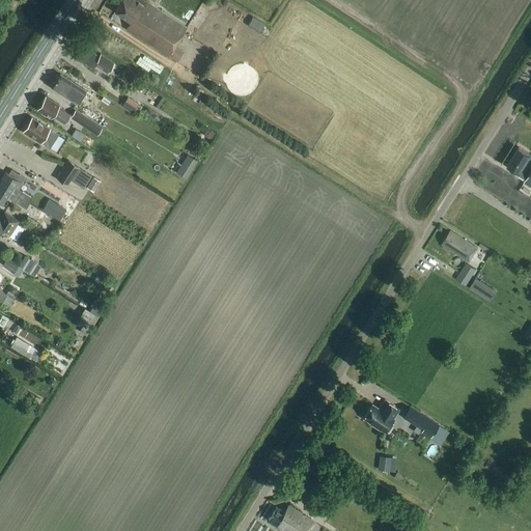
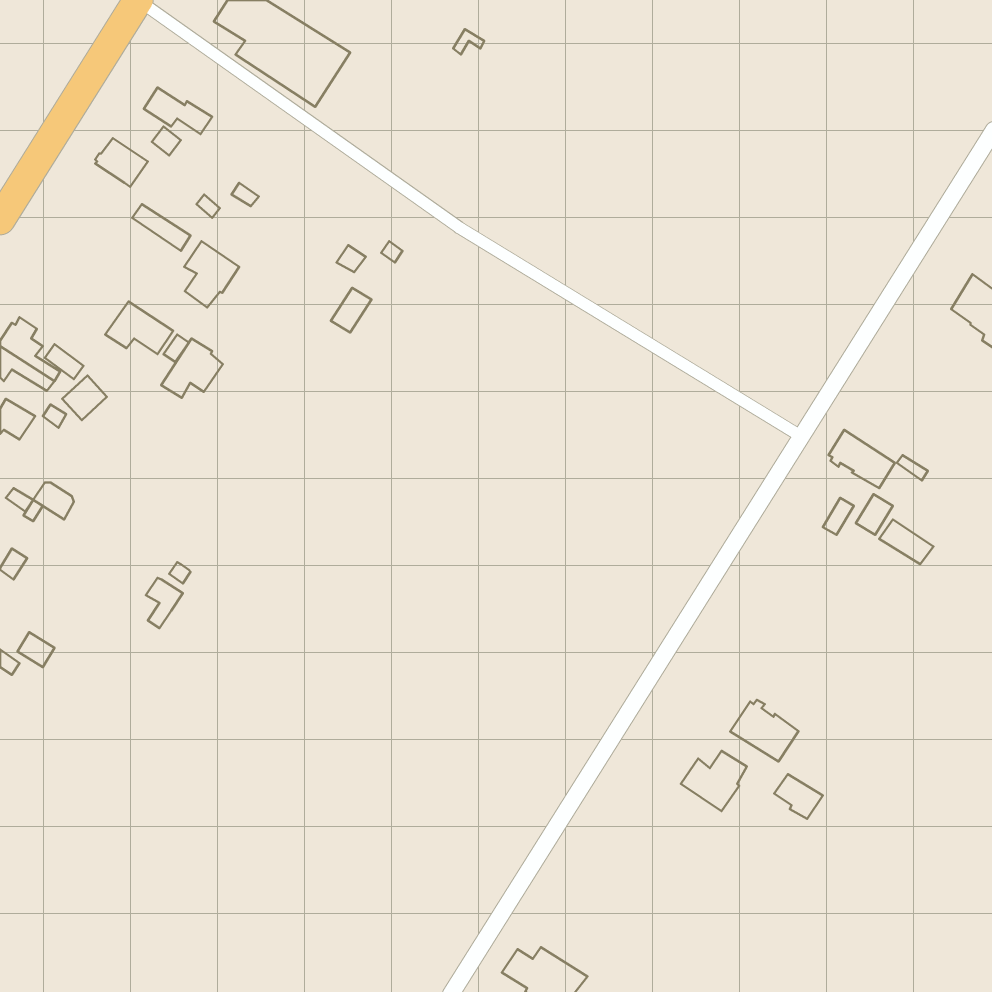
building: [38,99,72,125] -> none
building: [24,119,59,149] -> none
building: none -> [184,241,239,308]
building: none -> [161,338,223,398]
building: none -> [730,700,799,761]

